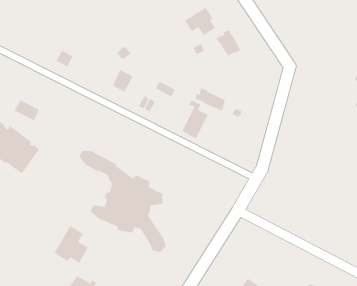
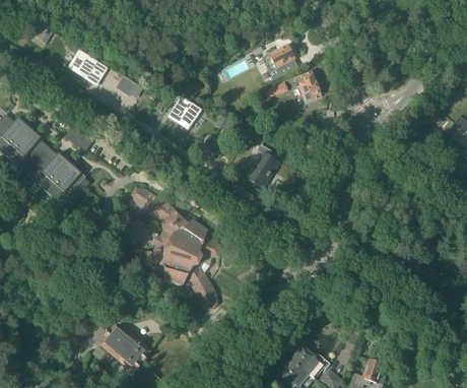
building: none -> [73,52,108,85]
building: [195,87,225,112] -> none
building: [54,225,88,268] -> none

